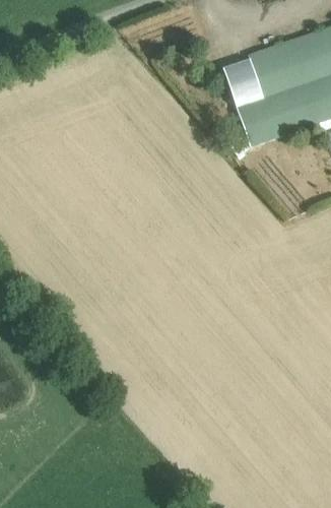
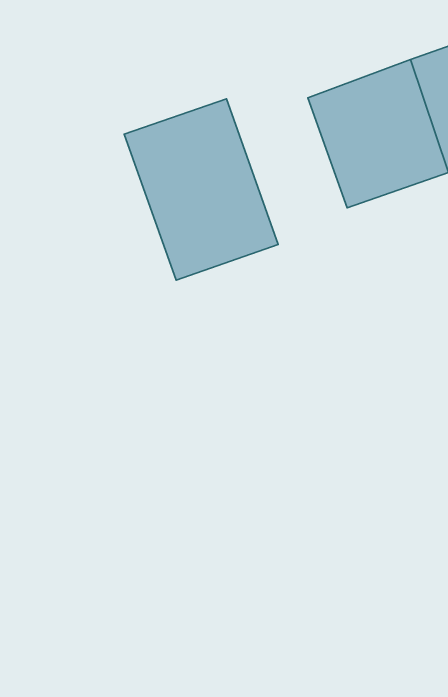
building: none -> [124,99,278,280]

